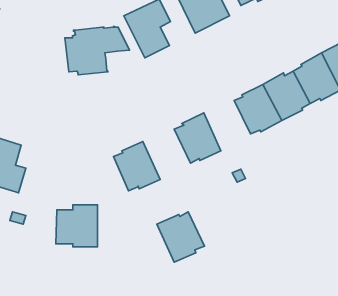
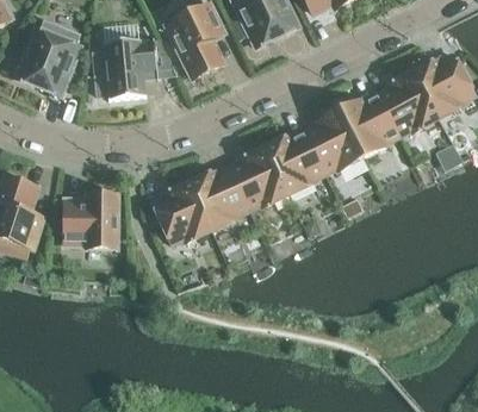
building: none -> [17,19,80,94]
building: none -> [266,131,324,194]
building: [56,205,98,247] -> [64,194,117,246]
building: [157,212,204,262] -> [190,167,249,230]

